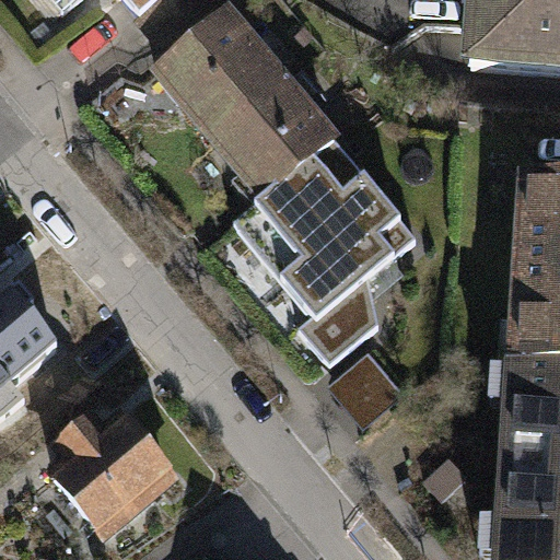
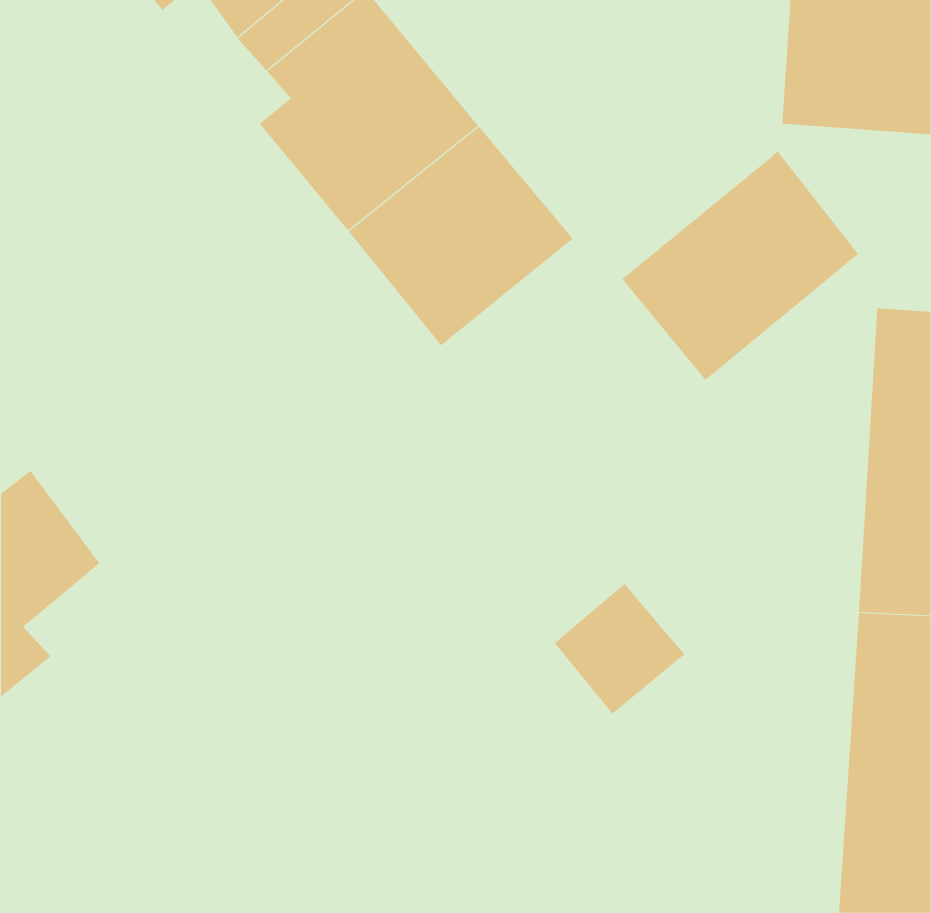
building: none -> [622,150,859,381]
building: [241,145,422,366] -> none
building: [44,401,177,533] -> none

